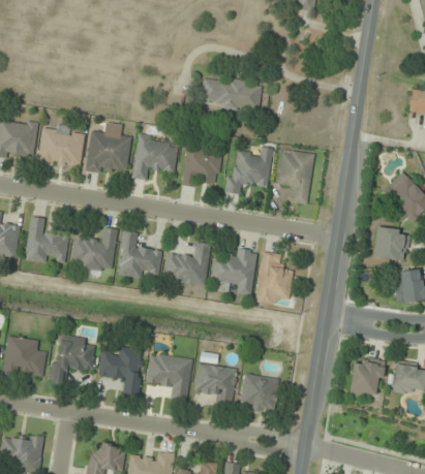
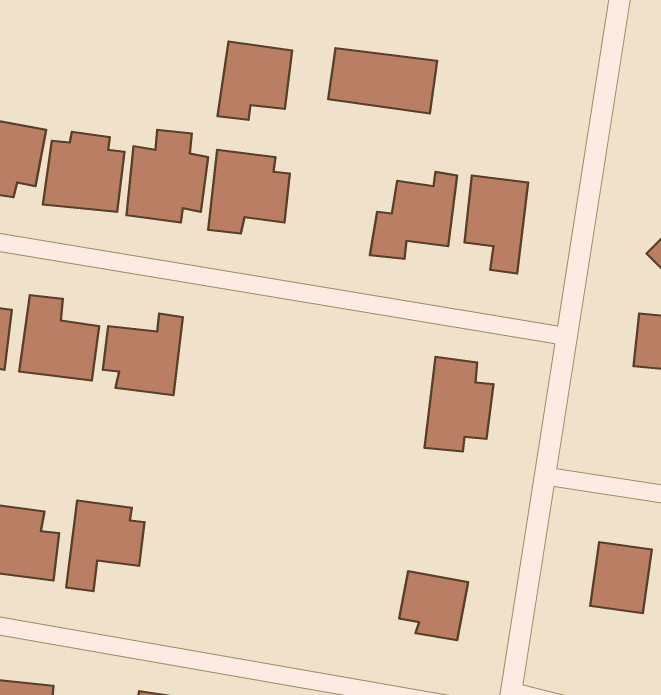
building: [180,144,222,188] -> [218,42,292,120]
building: [117,229,162,278] -> none
building: [164,242,210,285] -> none
building: [211,247,257,295] -> none
building: [98,346,145,396] -> none
building: [147,352,192,402] -> none
building: [193,362,238,408] -> none

